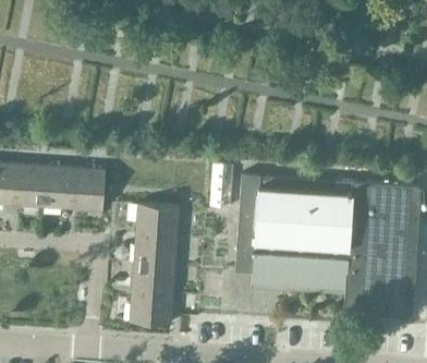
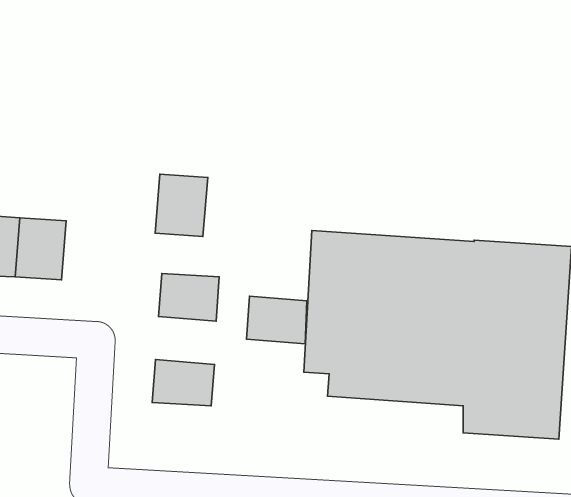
building: [70,168,106,210] -> [155,174,208,236]
building: [134,233,175,266] -> [246,296,307,344]
building: [130,292,172,325] -> none

